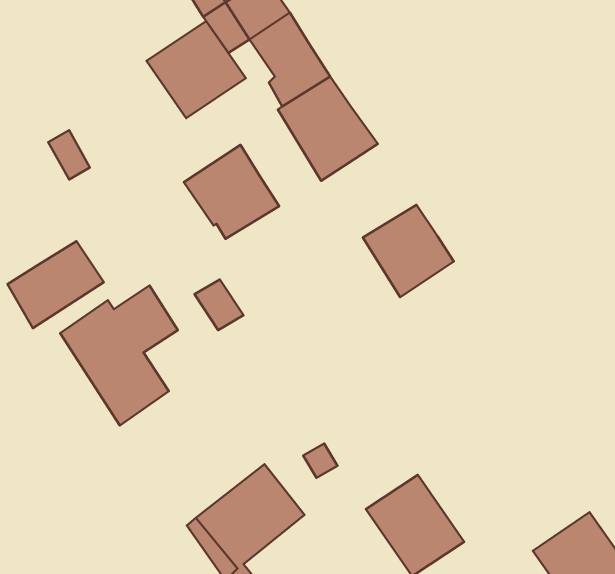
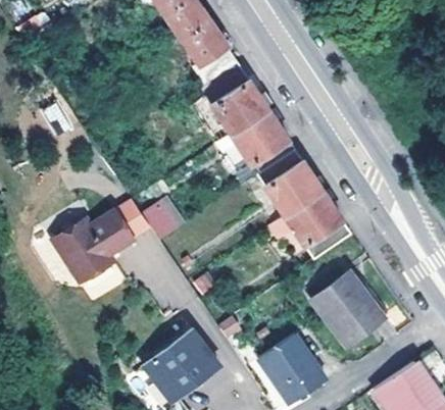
building: [147,21,246,118] -> none
building: [184,145,279,239] -> [231,109,296,173]
building: [7,241,104,328] -> none
building: none -> [285,190,351,258]
building: none -> [313,273,383,345]

